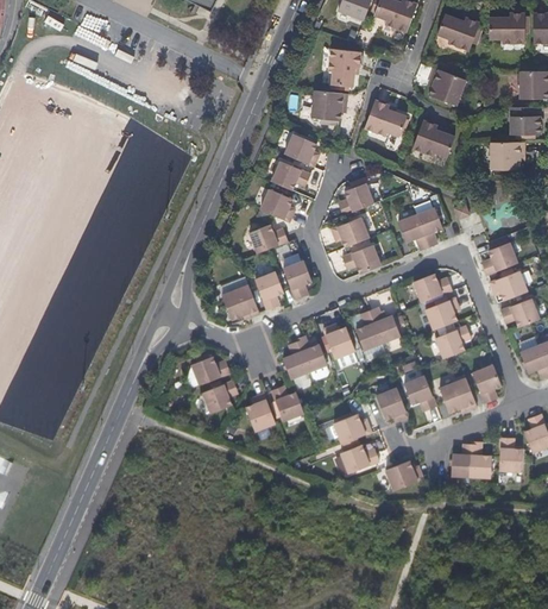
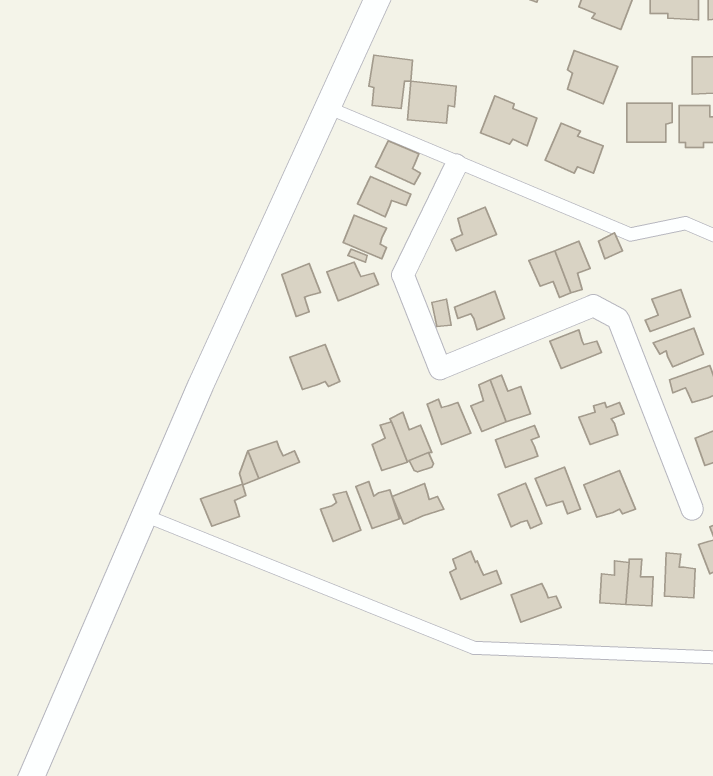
building: [326,49,358,88] -> [369,55,413,109]
building: [490,143,523,171] -> [627,103,672,142]
building: [332,216,370,246] -> none
building: [284,259,313,299] -> none
building: [256,270,284,309] -> [282,263,321,317]
building: [426,299,458,329] -> [496,425,539,467]
building: [472,365,500,403] -> none
building: [202,379,235,410] -> [201,484,246,526]
building: [333,413,371,442] -> [392,483,444,524]

